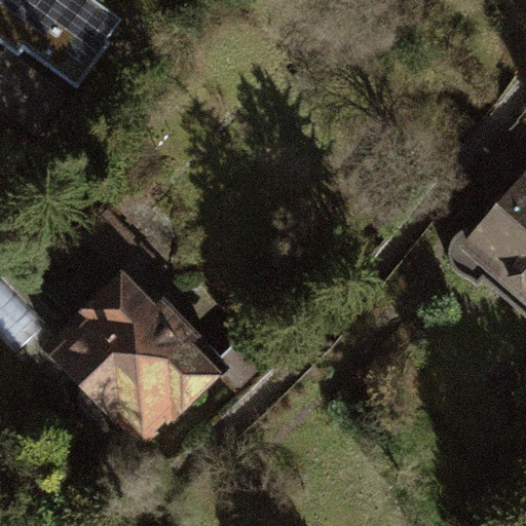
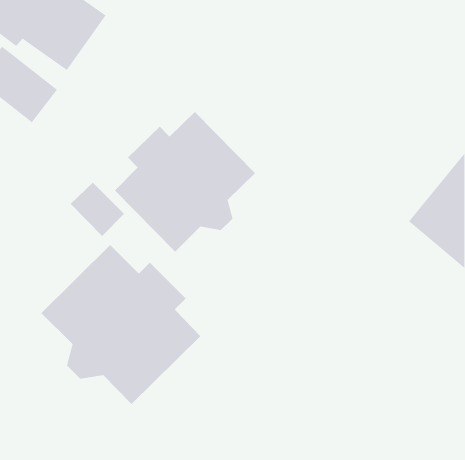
building: none -> [114,111,256,252]

